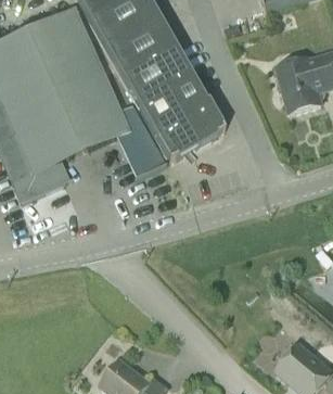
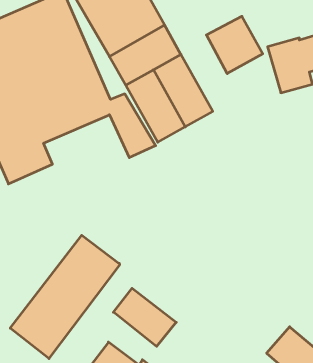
building: none -> [206,16,263,74]
building: none -> [10,235,120,359]
building: none -> [113,288,176,346]

